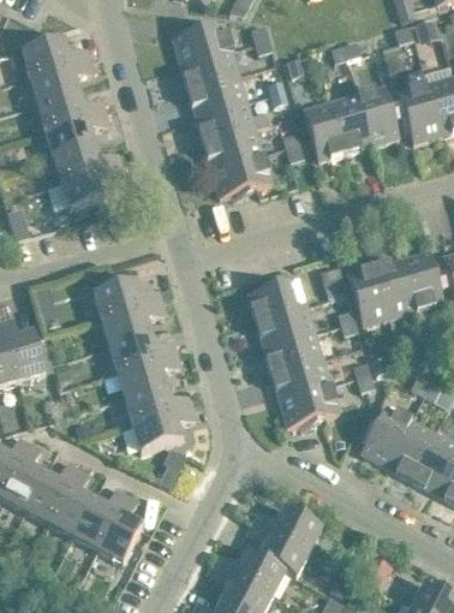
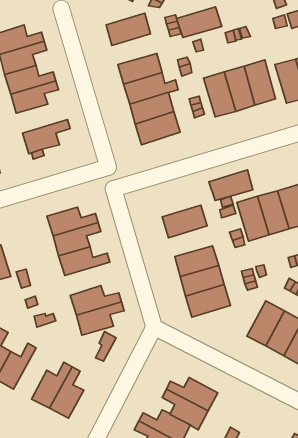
building: [179,49,239,90] -> [177,7,222,37]
building: [52,143,120,181] -> none
building: [255,305,313,346] -> [209,170,253,201]
building: [117,353,180,398] -> none
building: [48,468,92,536] -> none

